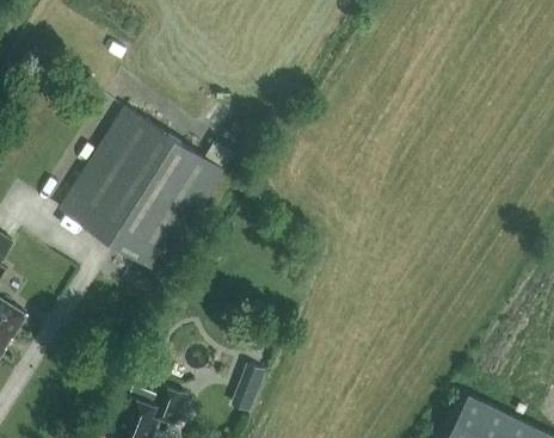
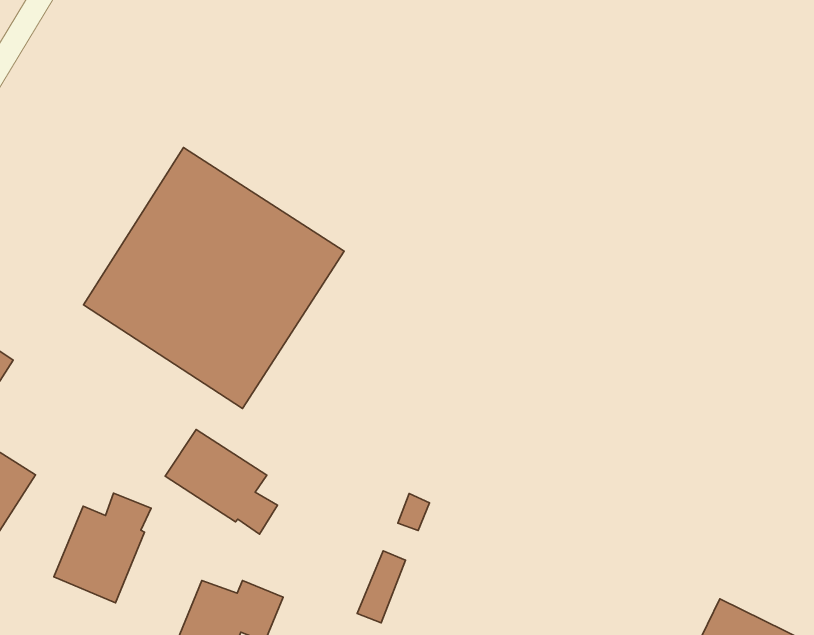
building: none -> [165,429,278,534]
building: none -> [54,493,151,603]

